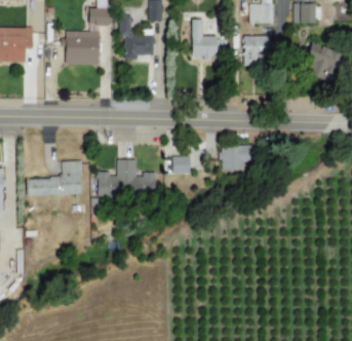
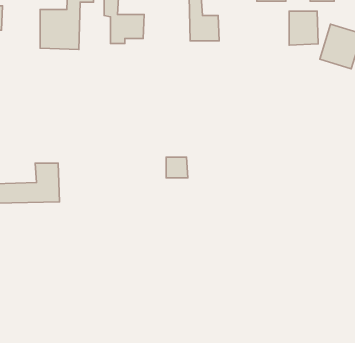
building: [244,36,269,65] -> [289,11,318,45]
building: [221,145,252,170] -> none
building: [97,160,155,194] -> none

